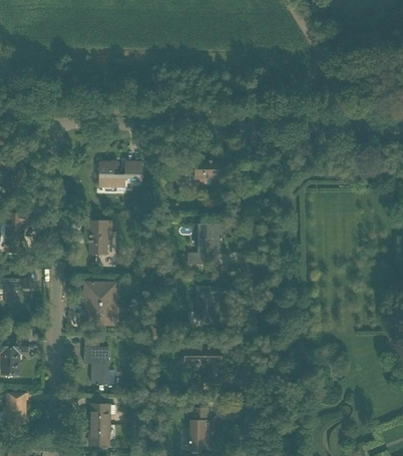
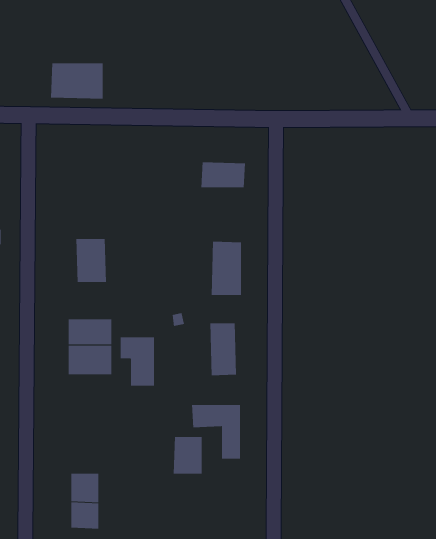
building: [96,161,137,189] -> [50,63,103,99]
building: [84,348,111,386] -> [120,337,155,386]
building: [186,419,210,448] -> [173,437,203,474]

